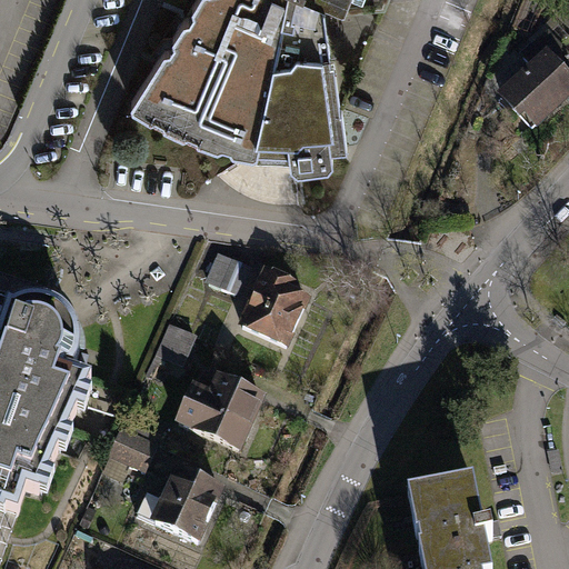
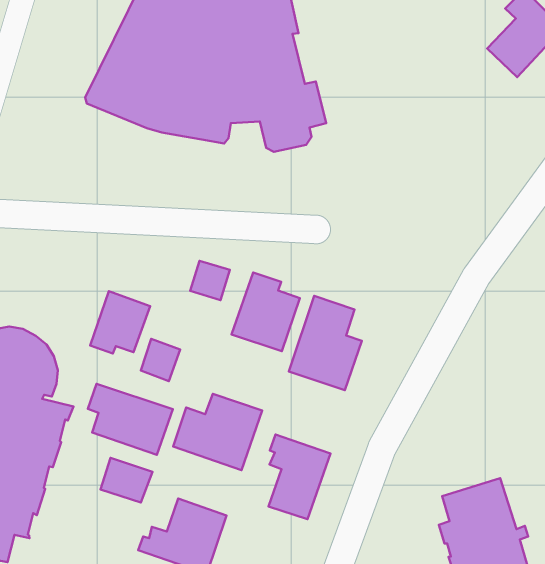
building: none -> [90,291,150,354]
building: none -> [289,296,362,390]
building: none -> [88,384,173,455]
building: none -> [268,435,330,519]

